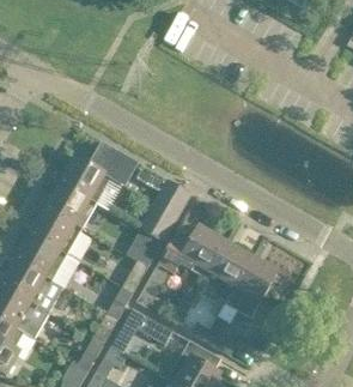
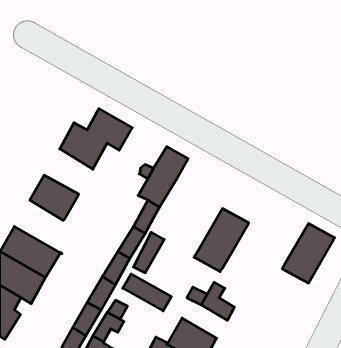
building: [45,182,95,228] -> none
building: [158,226,225,279] -> none
building: [16,234,78,288] -> none
building: [225,256,278,316] -> [282,224,335,283]

